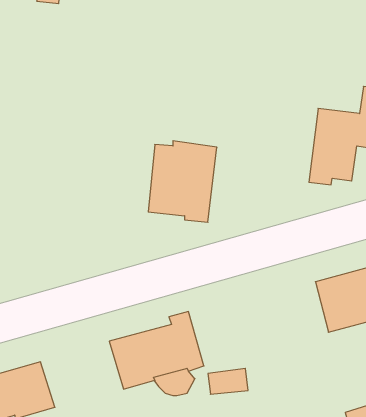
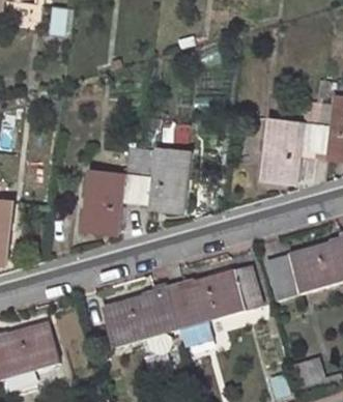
building: none -> [84,148,140,231]
building: none -> [167,264,264,326]

